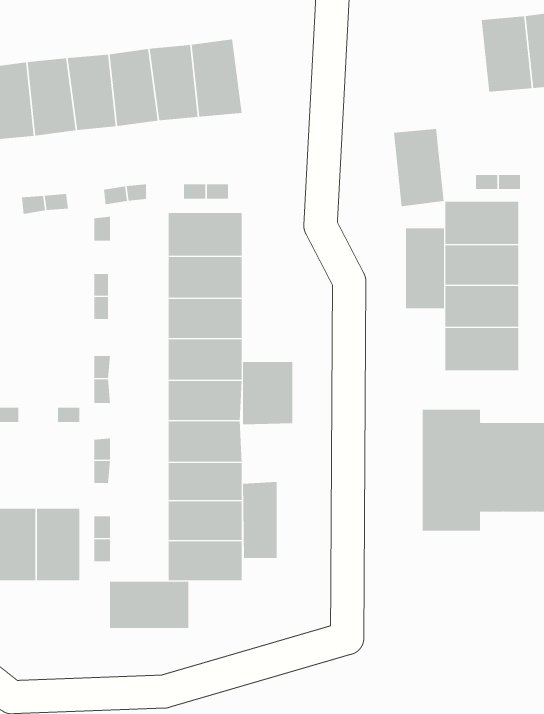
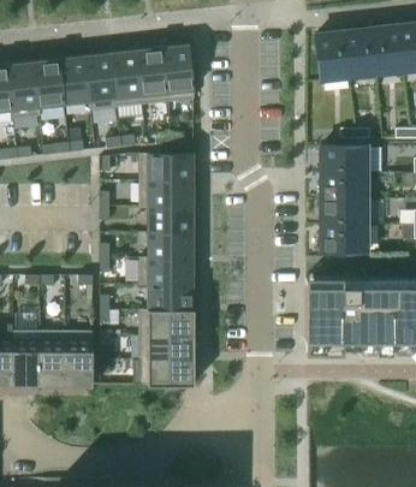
building: [393,129,445,207] -> [316,32,349,82]
building: [405,227,445,309] -> none
building: [242,361,293,425] -> none
building: [242,481,277,559] -> none
building: [110,581,189,629] -> none

